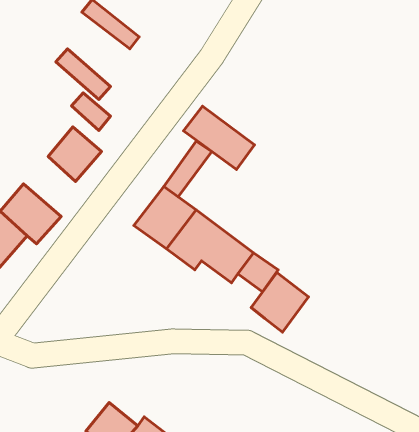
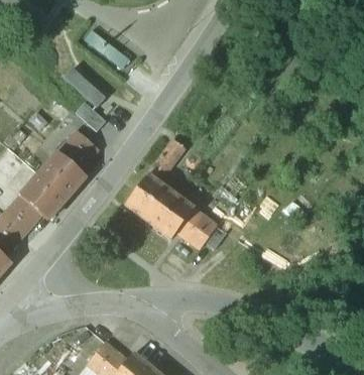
building: [184,106,254,169] -> none
building: none -> [38,151,86,198]
building: [251,272,309,332] -> none

